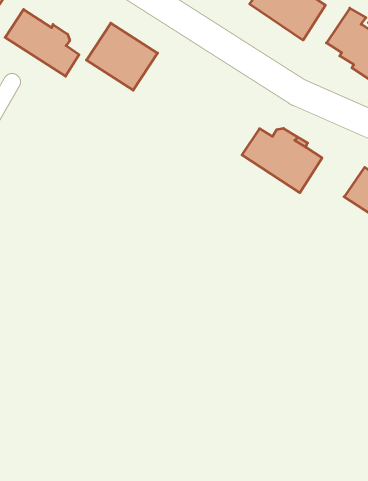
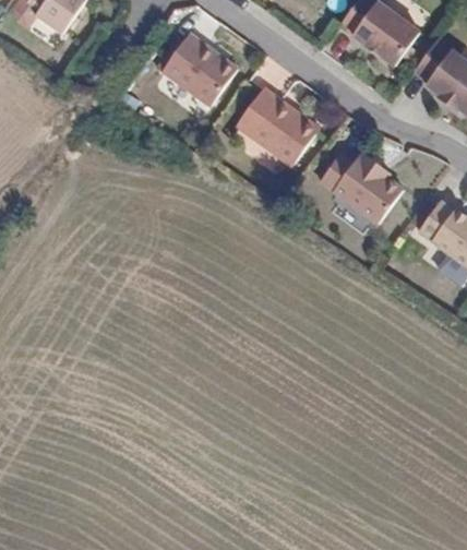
building: [5,9,79,76] -> none
building: none -> [235,88,316,166]

